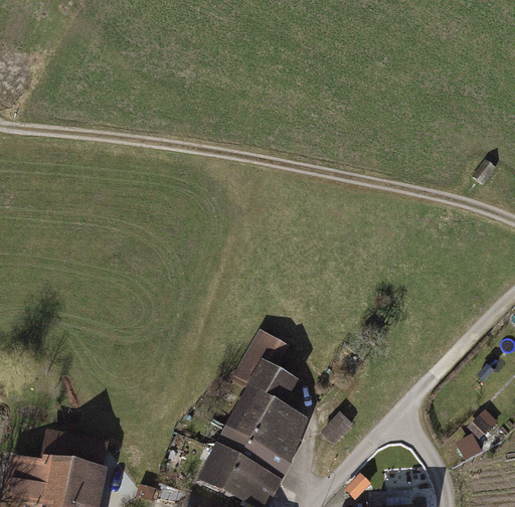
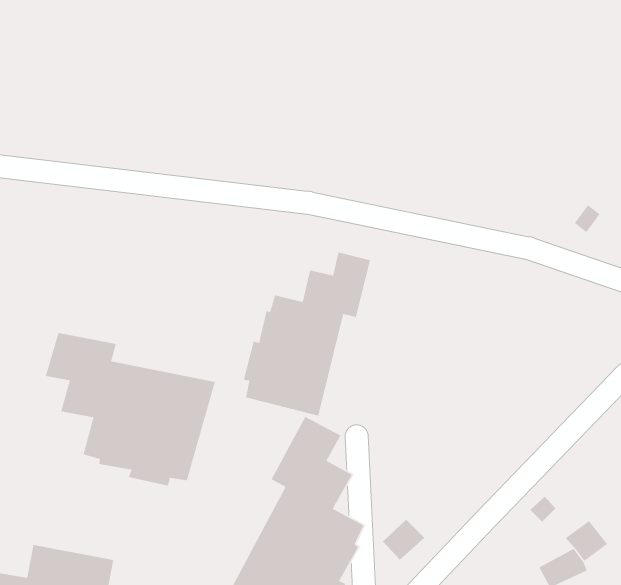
building: none -> [243,251,371,417]
building: none -> [45,332,216,486]

